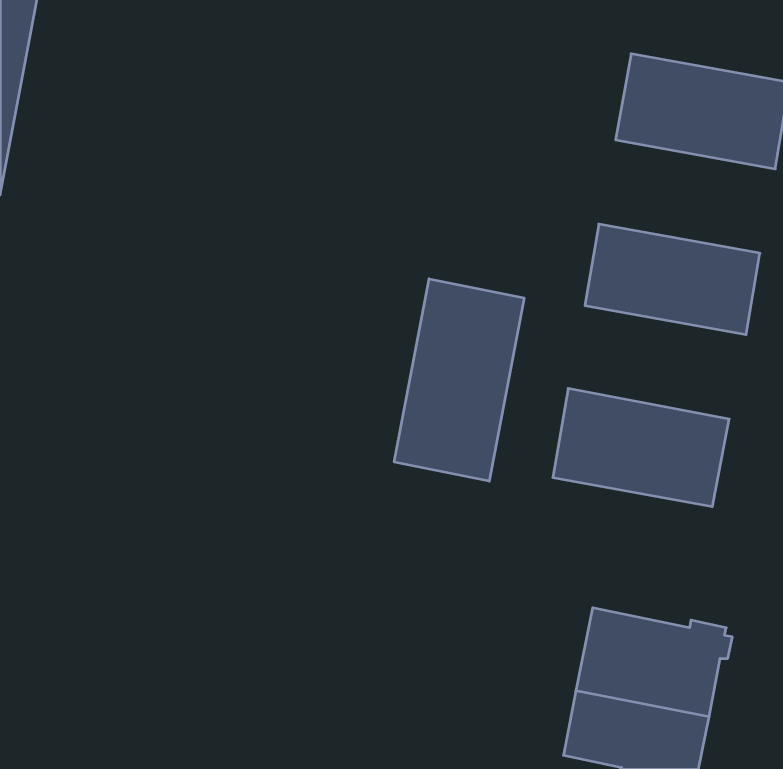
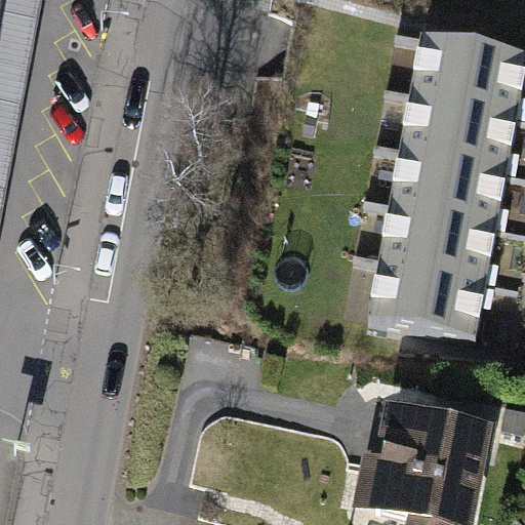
building: none -> [401,93,519,169]
building: [394,279,524,481] -> none
building: none -> [380,204,499,280]

